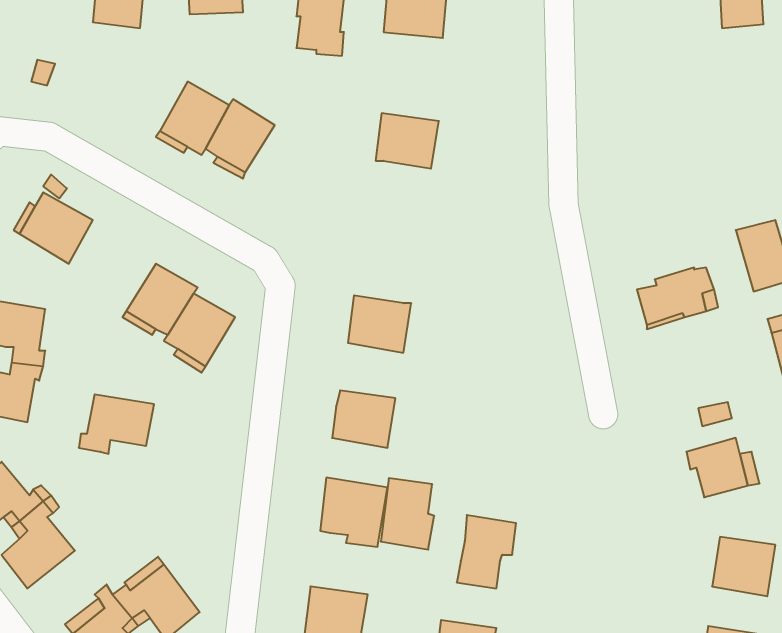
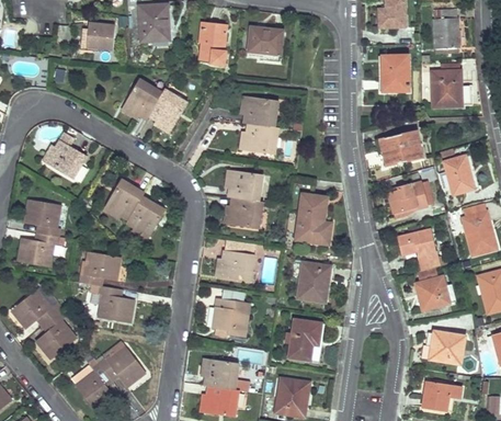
building: none -> [382,55,409,92]
building: none -> [431,70,462,107]
building: none -> [243,123,278,155]
building: none -> [383,130,423,167]
building: none -> [228,171,263,202]
building: none -> [296,194,330,244]
building: none -> [398,229,435,255]
building: none -> [90,284,135,322]
building: [381,478,434,550] -> [298,262,328,301]

